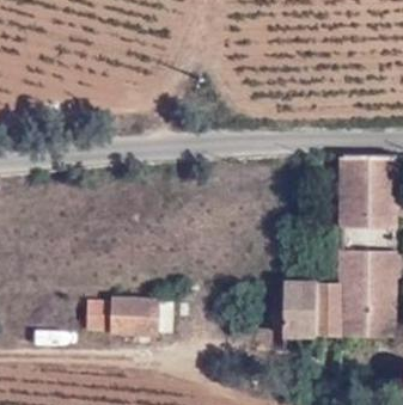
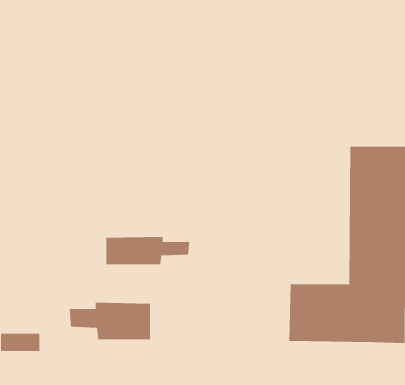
building: none -> [106,236,190,265]

